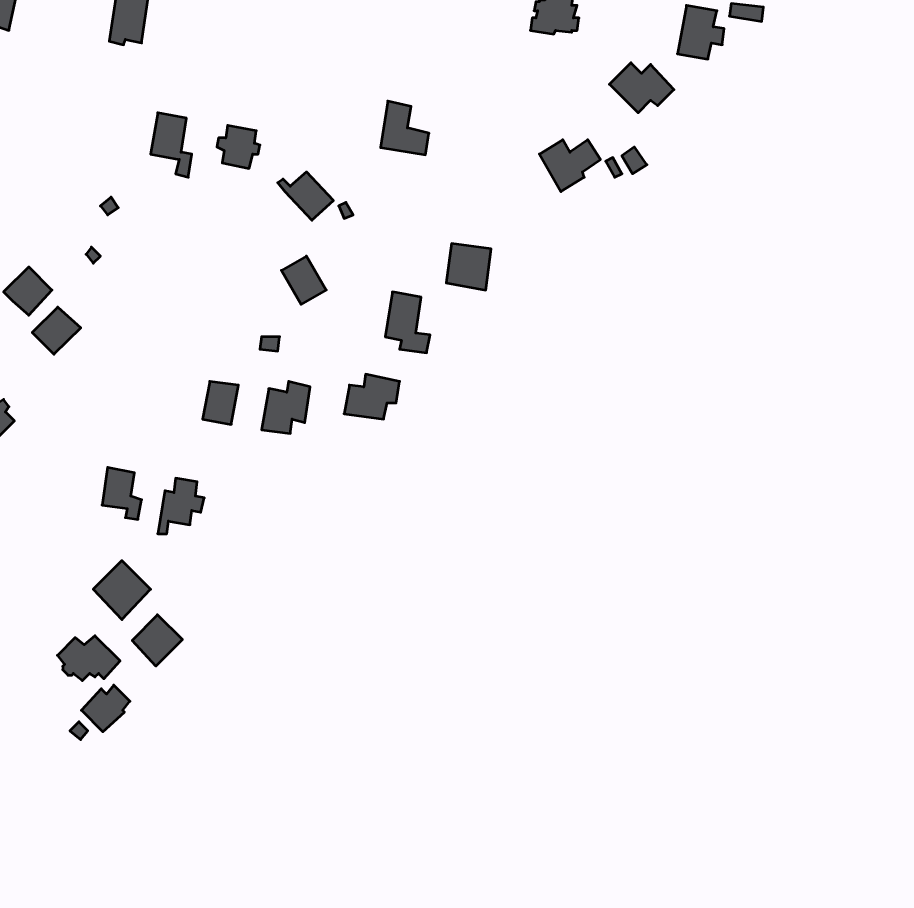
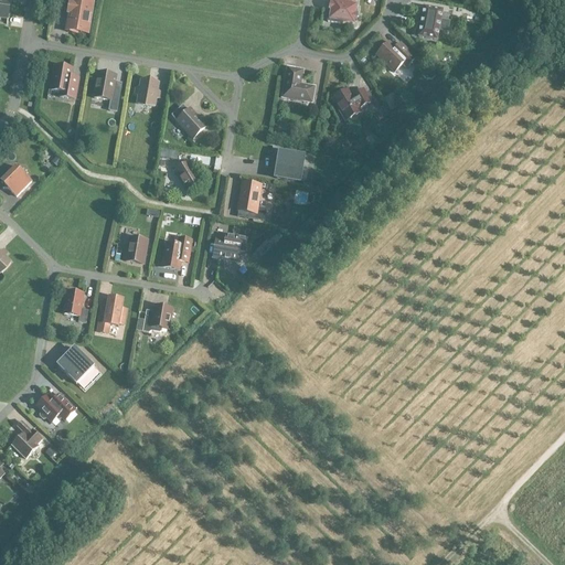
building: none -> [50,62,78,97]
building: [381,101,429,155] -> [282,65,312,98]
building: [32,307,81,354] -> none
building: none -> [135,302,171,330]
building: [132,615,182,666] -> none
building: [81,685,130,732] -> [11,427,41,456]

